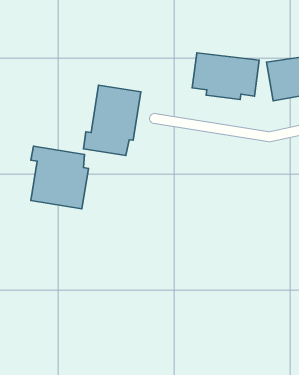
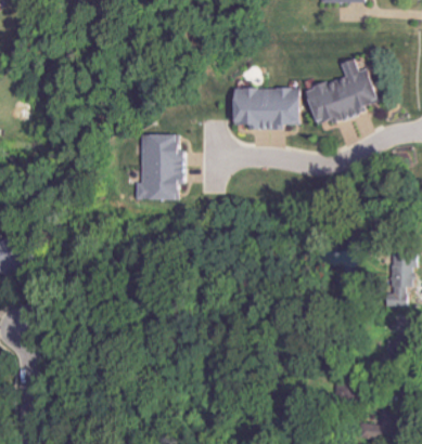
building: [31,146,88,209] -> none

